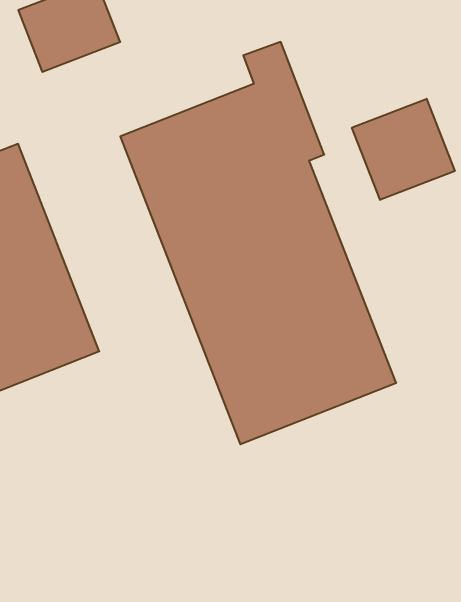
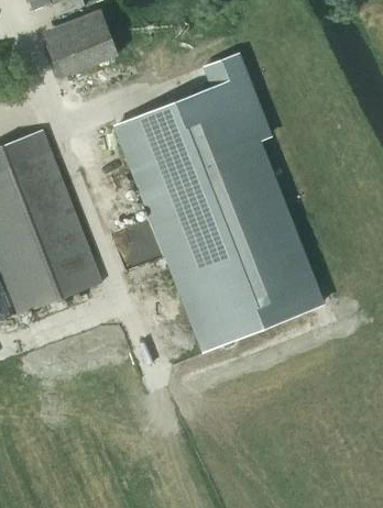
building: [352,99,455,200] -> none

